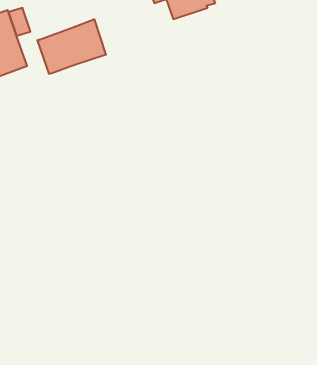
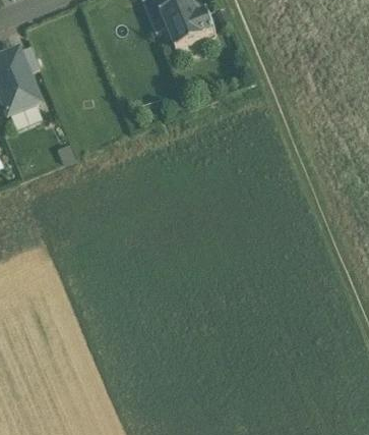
building: [37,19,106,74] -> none

